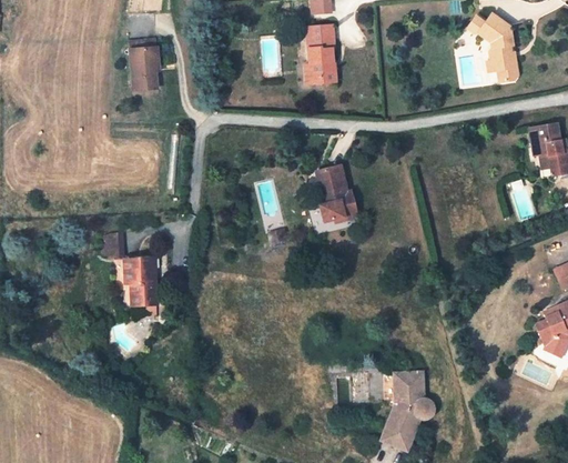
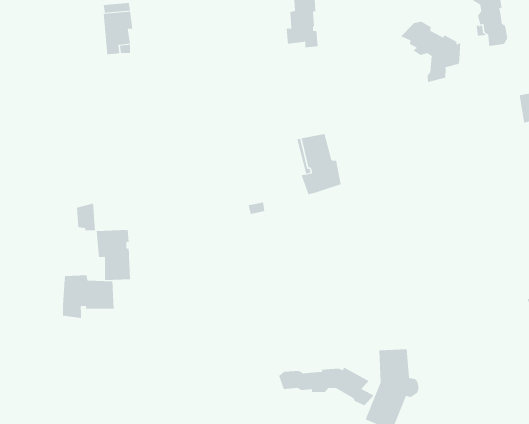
building: none -> [400,21,461,83]
building: none -> [63,275,114,319]
building: none -> [278,367,375,406]

